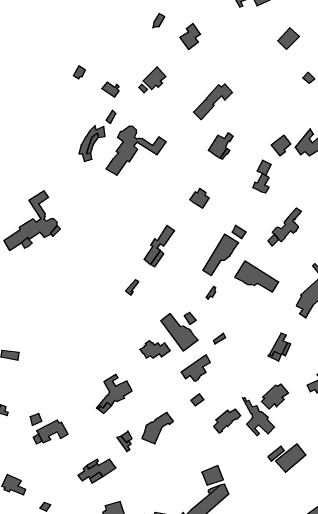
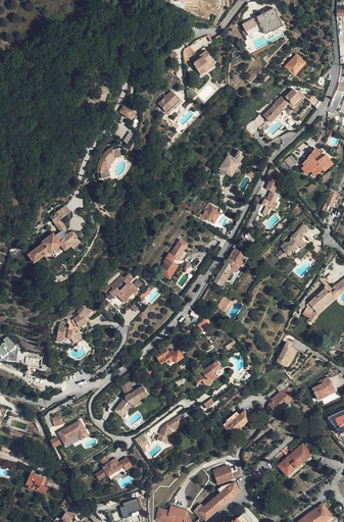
building: [193,84,233,120] -> [263,88,300,121]
building: [106,126,166,175] -> none
building: [235,261,279,292] -> none
building: none -> [113,277,142,307]
building: none -> [59,309,93,335]
building: [161,314,198,351] -> none
building: [243,398,275,436] -> none

